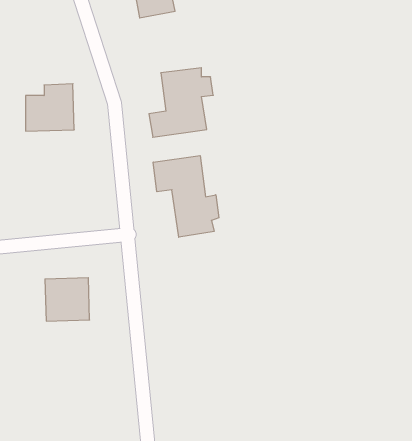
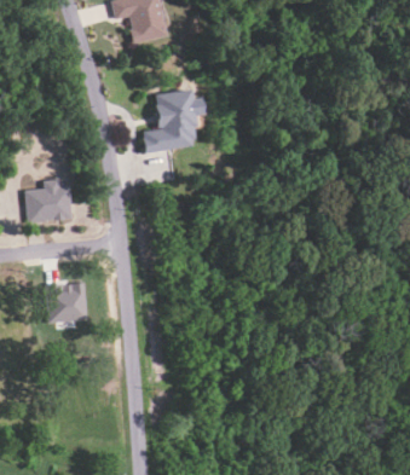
building: [26,84,74,131] -> [27,179,71,222]
building: [153,156,219,237] -> none

